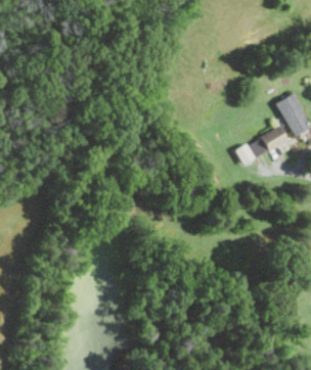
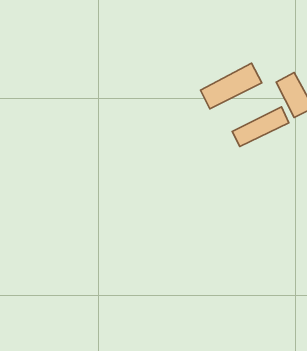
building: none -> [200,63,262,109]

